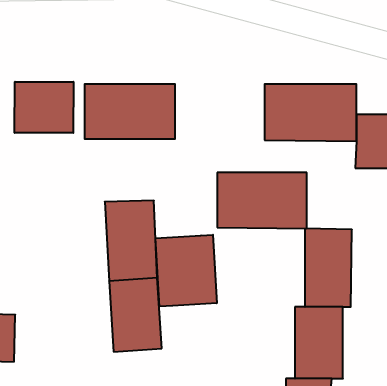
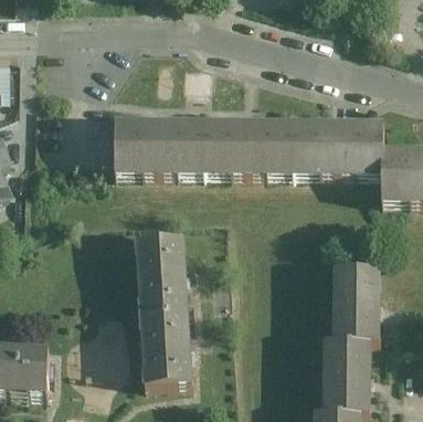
building: [15,82,73,133] -> none
building: [217,173,307,229] -> [204,119,293,175]
building: [156,235,217,307] -> none

